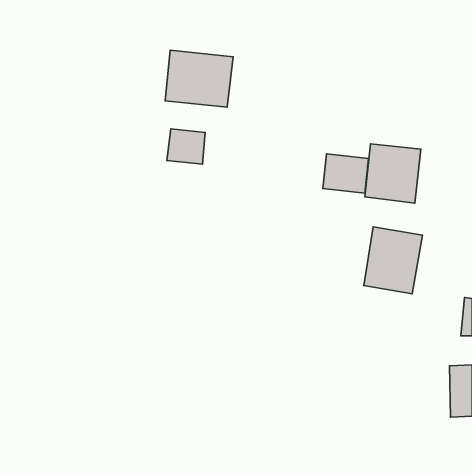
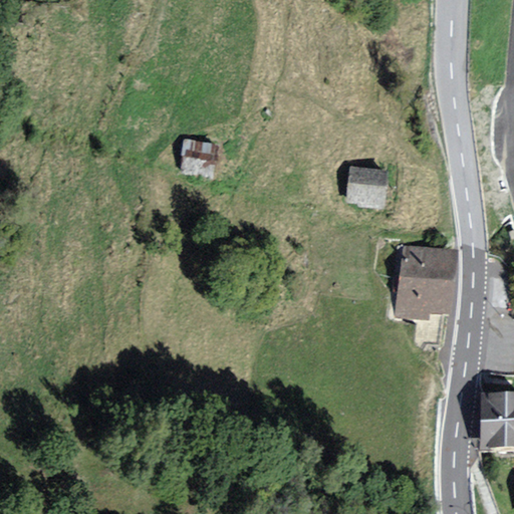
building: [165,50,233,107] -> none
building: [365,144,421,203] -> none

